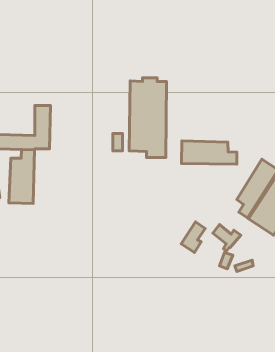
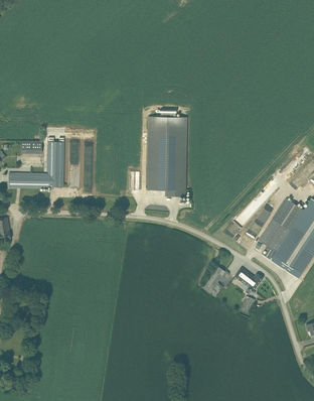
building: [182,141,237,164] -> none
building: [9,150,34,203] -> none

